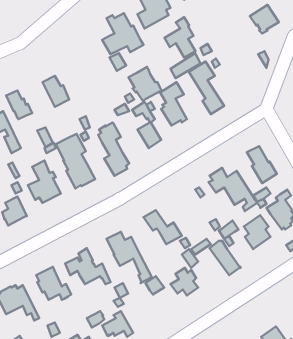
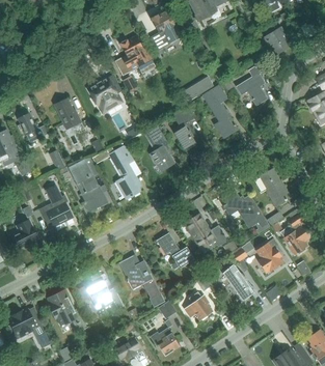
building: [165,17,196,57] -> [236,64,267,105]
building: [128,67,161,101] -> [88,78,121,112]
building: none -> [187,212,226,248]
building: none -> [150,327,179,355]

